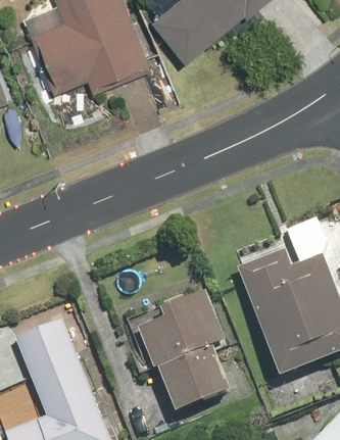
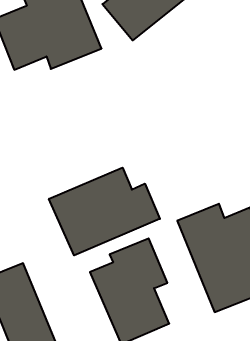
building: none -> [49,168,160,255]

